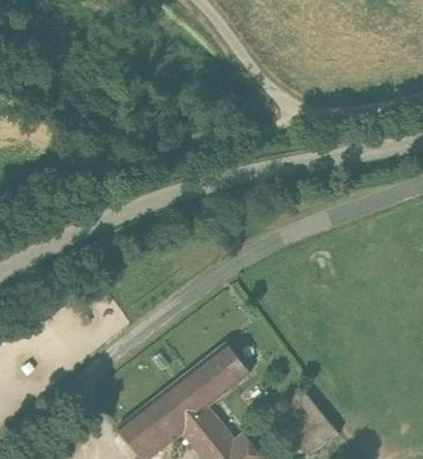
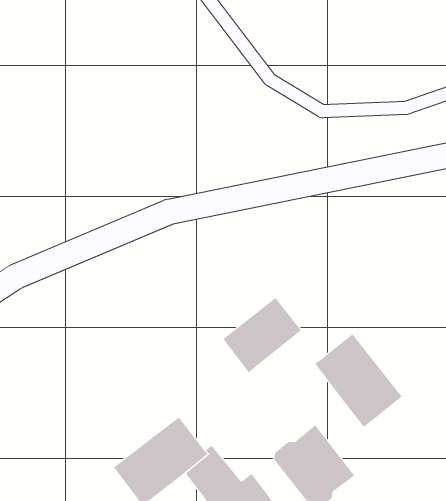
building: none -> [314,333,403,428]
building: [178,342,250,411] -> [222,297,302,373]

